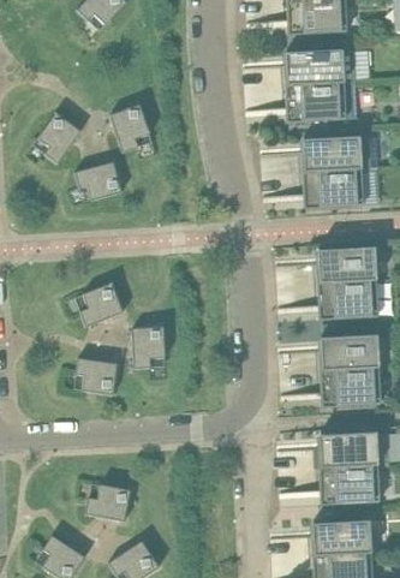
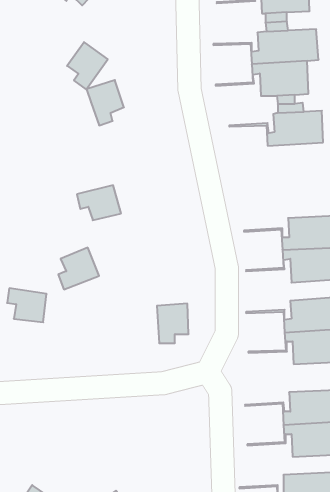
building: [38,112,82,162] -> [67,42,108,90]
building: [76,161,123,198] -> [77,185,121,220]
building: [264,169,364,207] -> none
building: [132,324,166,367] -> [157,304,189,343]
building: [76,357,118,393] -> [7,288,47,322]
building: [85,483,131,520] -> none

